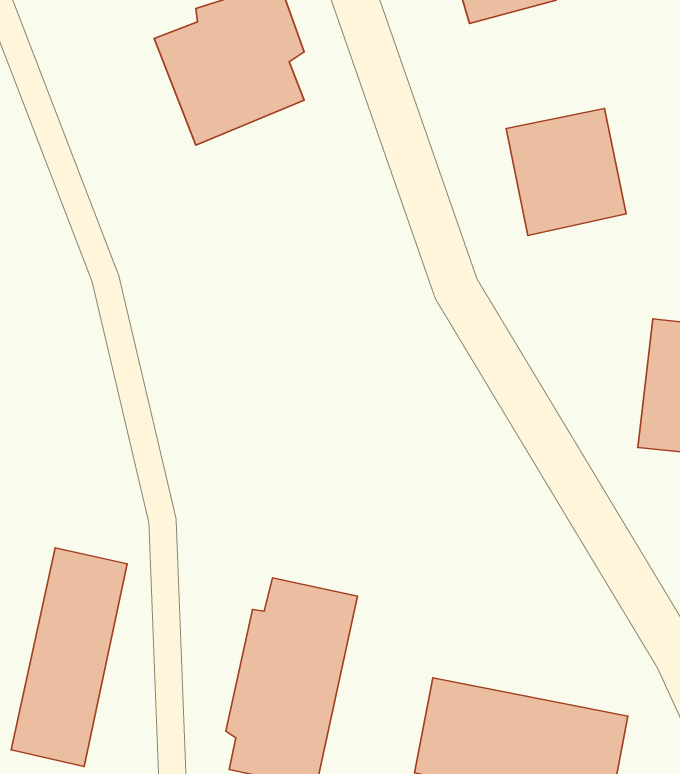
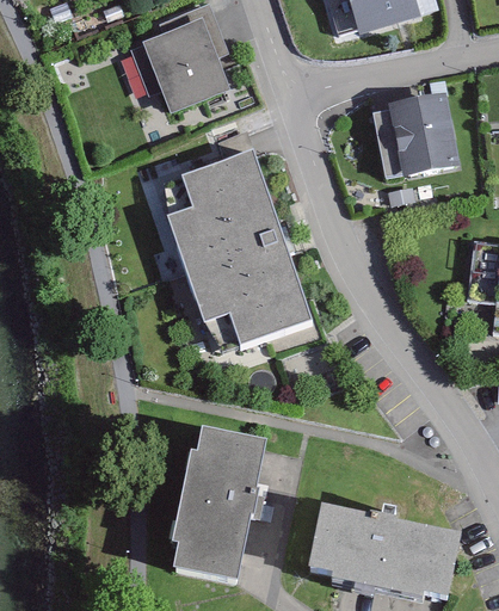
building: none -> [160,147,309,348]
building: [11,548,127,766] -> none

